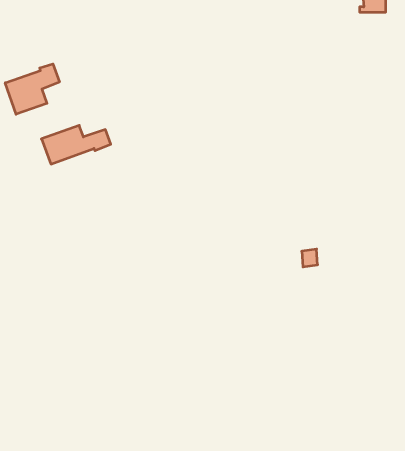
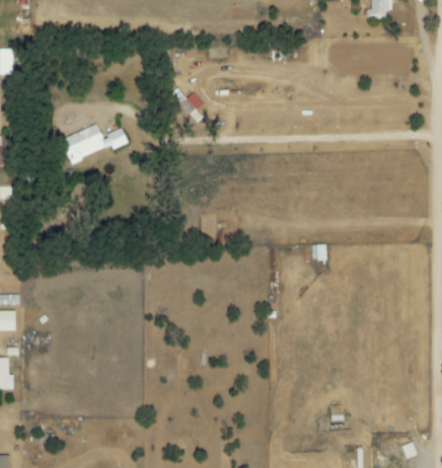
building: [5,64,59,114] -> none

